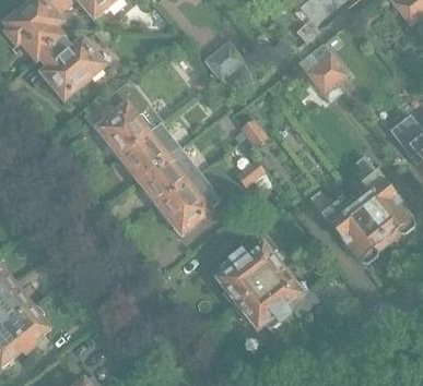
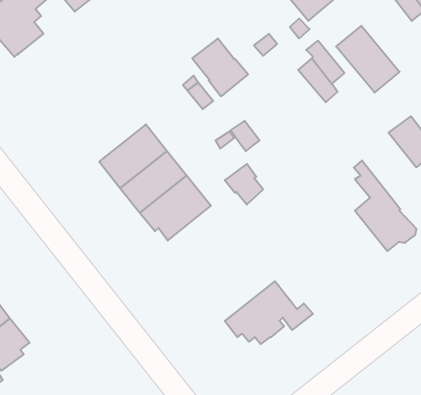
building: none -> [336,26,400,93]
building: [40,37,105,98] -> none
building: [84,83,161,157] -> none
building: [310,191,388,263] -> none
building: [220,226,282,306] -> none

